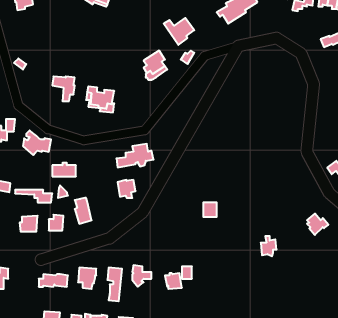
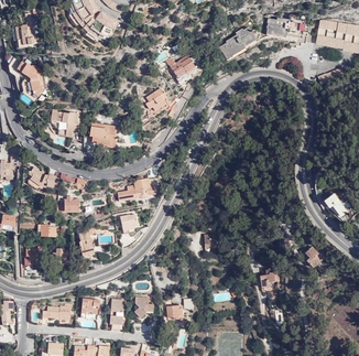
building: none -> [18,60,44,95]

